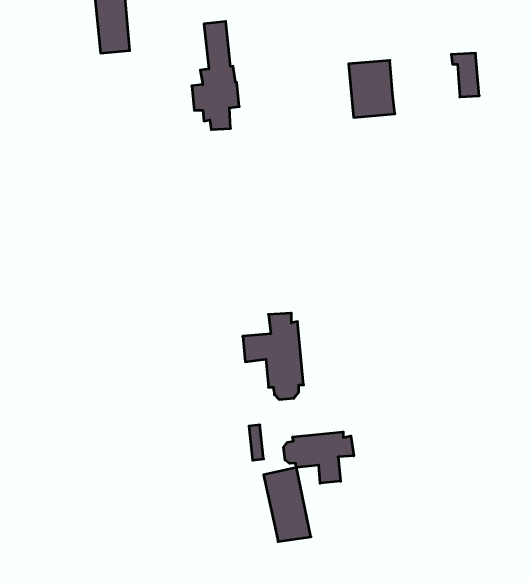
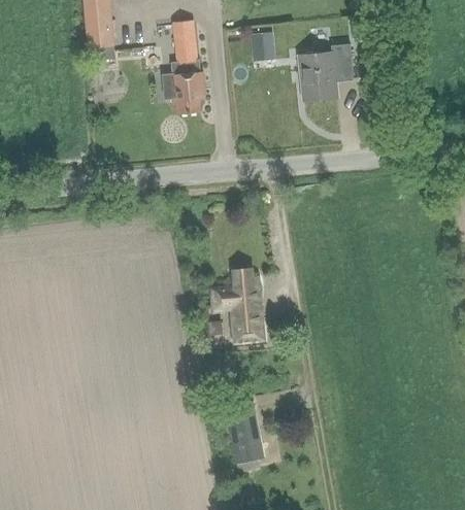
building: none -> [248,32,274,62]
building: [451,53,479,97] -> [328,44,352,81]
building: [284,432,354,483] -> none

